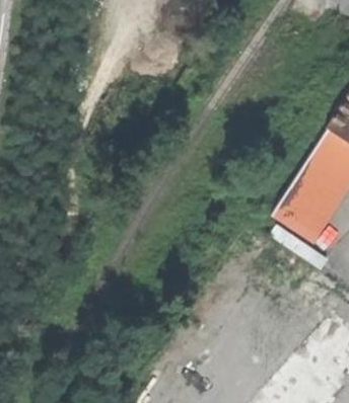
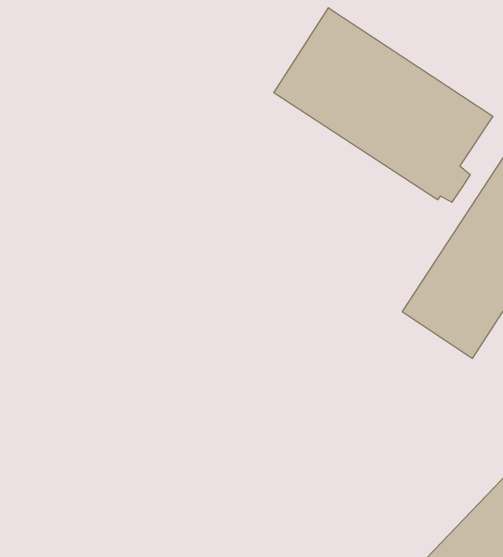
building: none -> [274,8,493,202]

